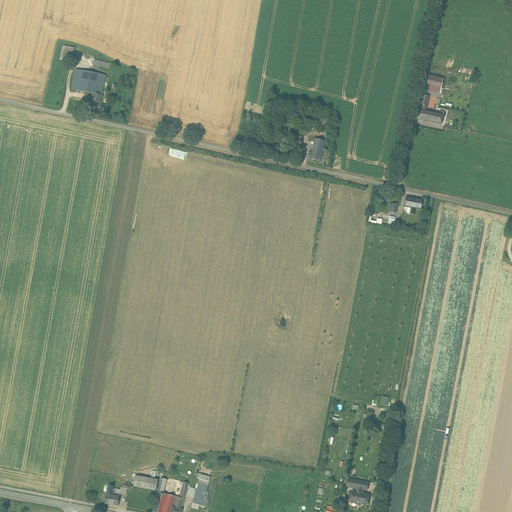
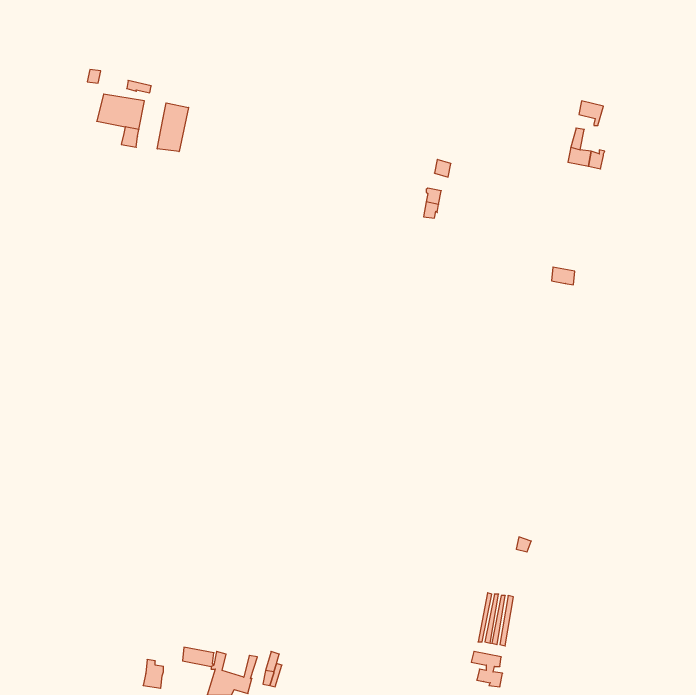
building: none -> [157,103,189,152]

